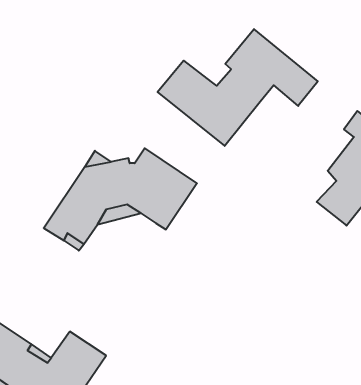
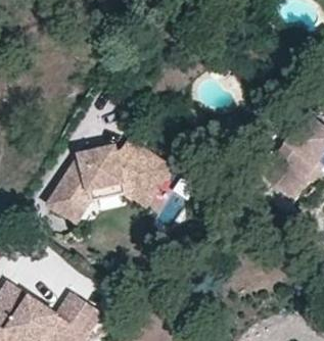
building: [158,29,318,146] -> none

